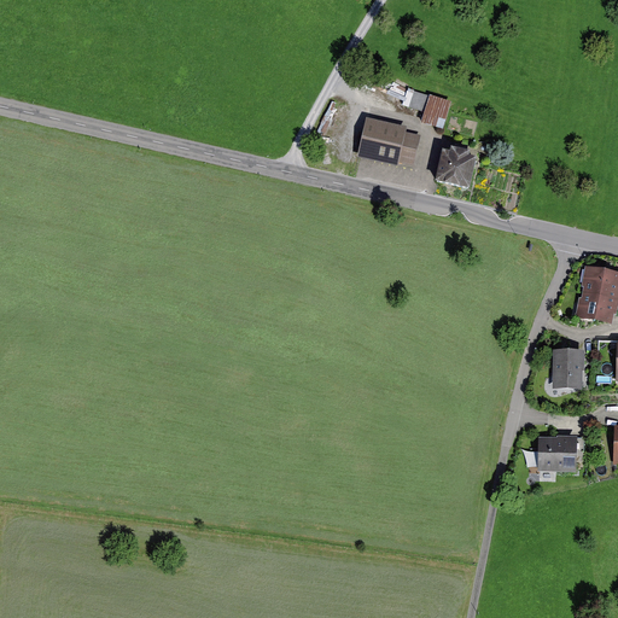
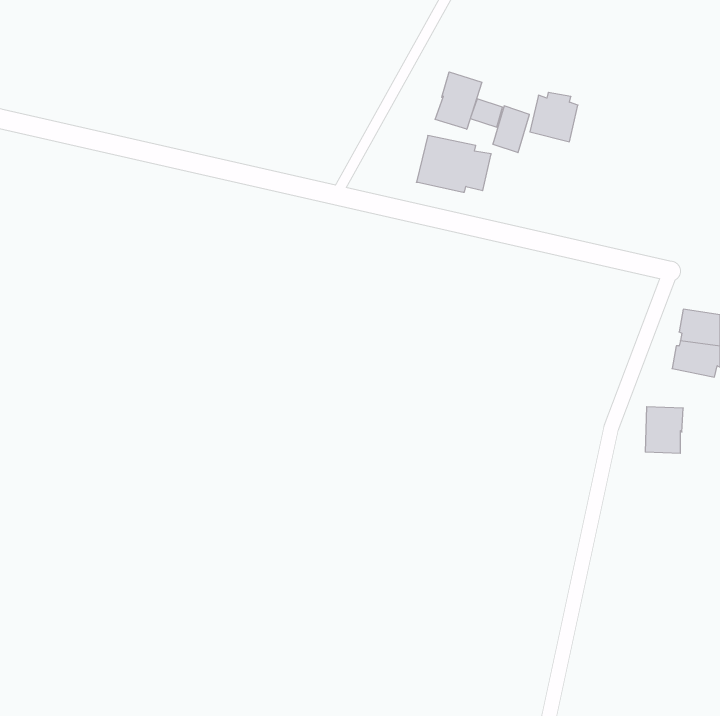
building: none -> [435,72,482,129]
building: [435,146,476,188] -> [530,92,578,142]
building: [537,436,576,470] -> none

